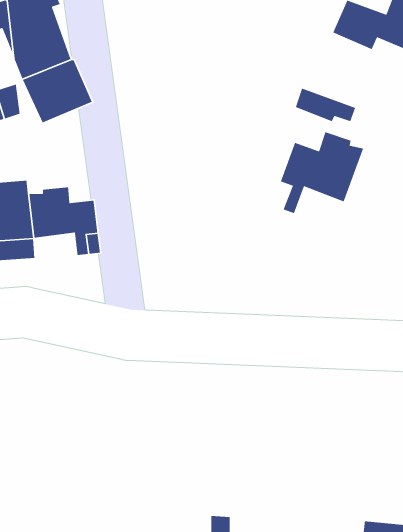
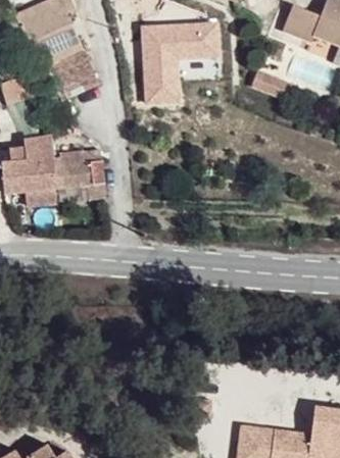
building: none -> [137,20,218,102]
building: [280,131,364,214] -> none

